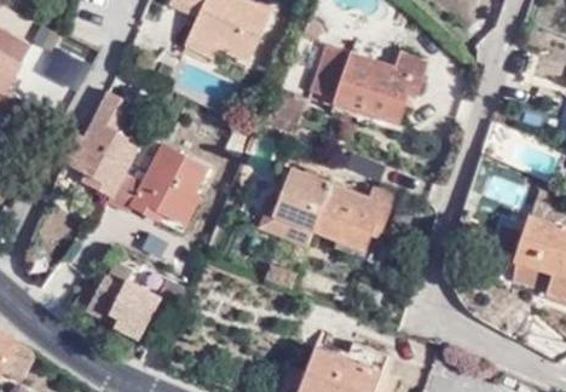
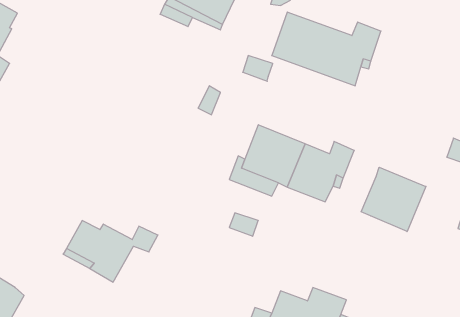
building: [64,91,209,230] -> none
building: none -> [361,167,426,232]

